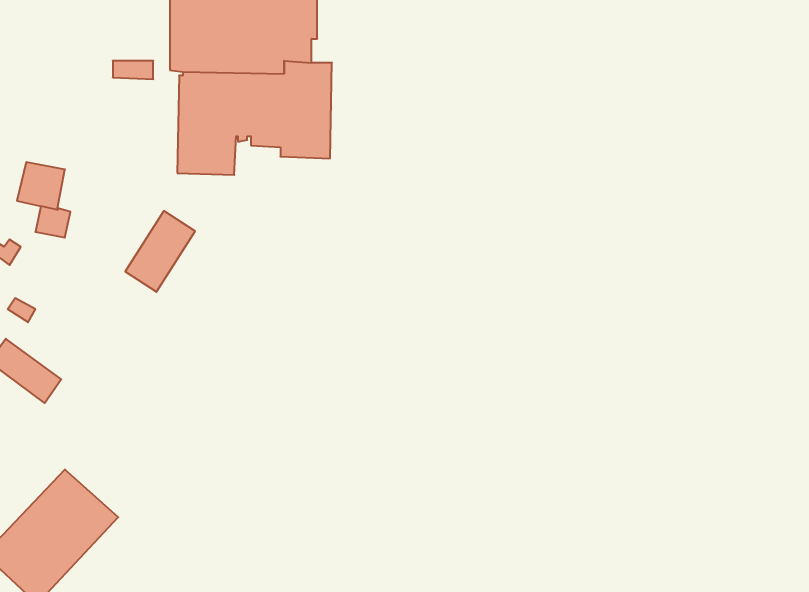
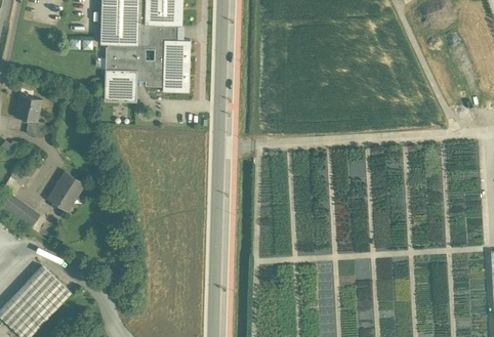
building: [125,211,195,292] -> [44,172,83,217]

